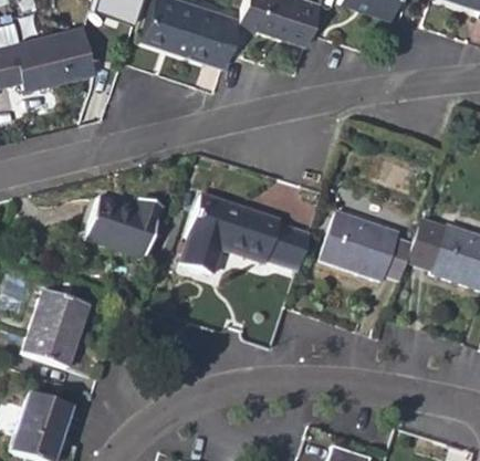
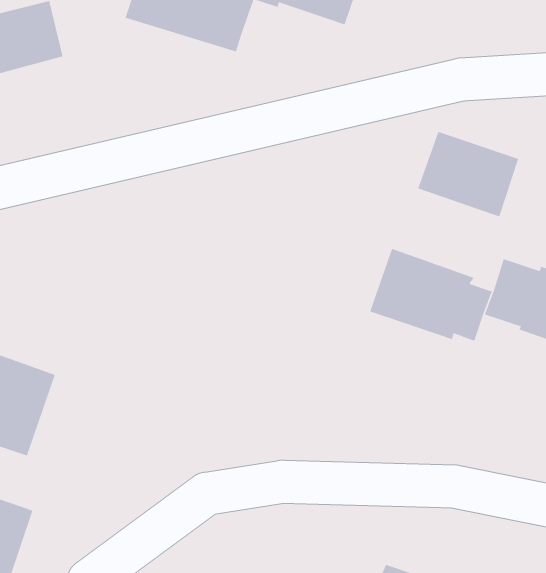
building: none -> [417,131,519,218]
building: [181,195,312,274] -> none
building: [86,196,165,260] -> none

